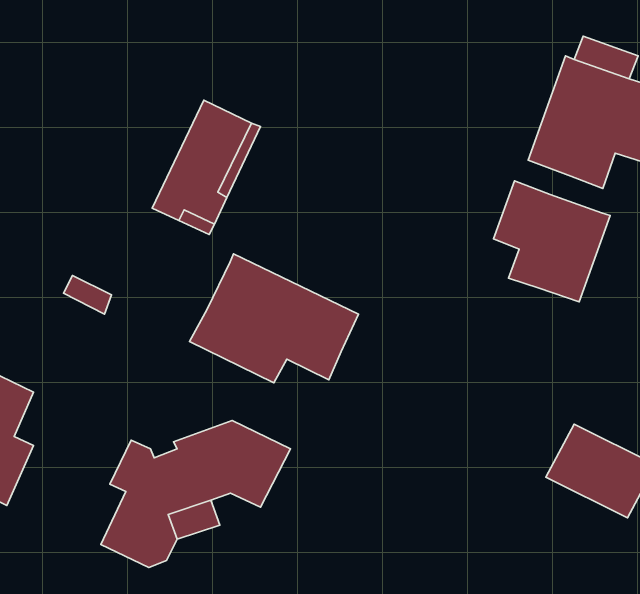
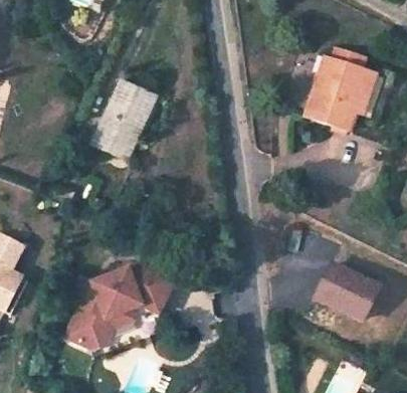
building: [493,181,610,302] -> none
building: [190,254,358,383] -> none

